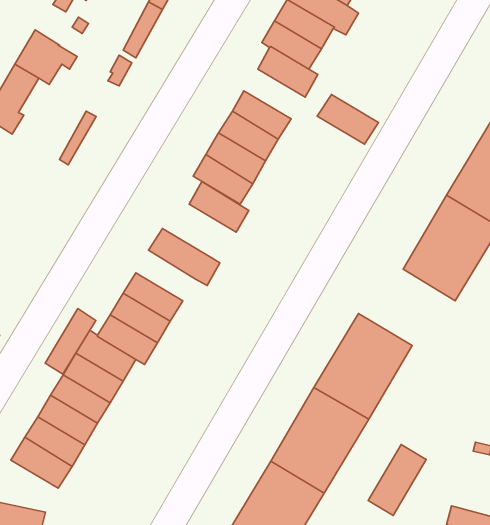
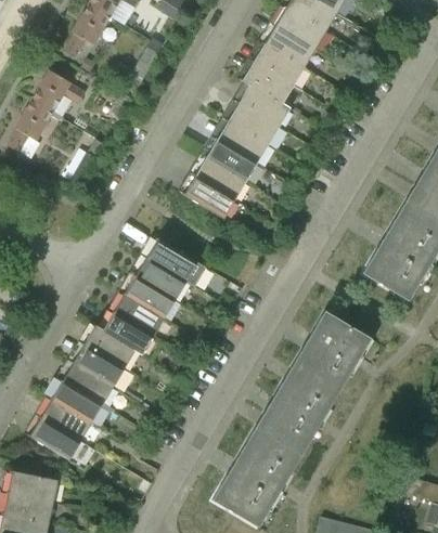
building: [317,95,378,144] -> [228,103,280,145]
building: [189,181,249,232] -> [136,257,186,300]
building: [45,309,96,374] -> none
building: [368,445,426,515] -> none

